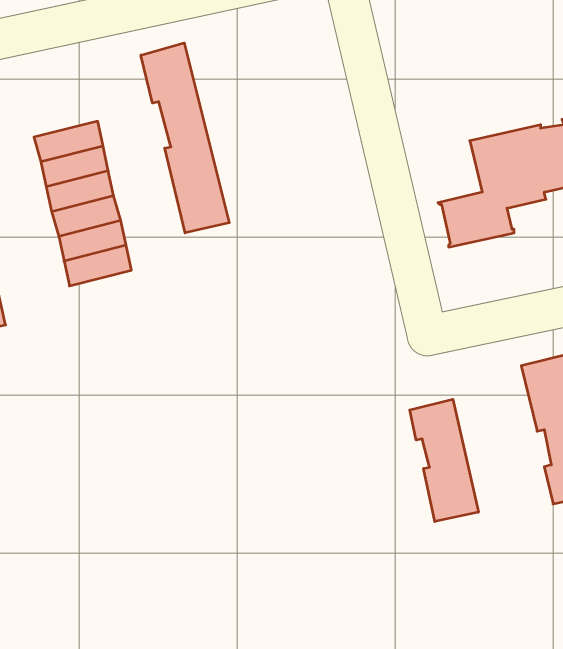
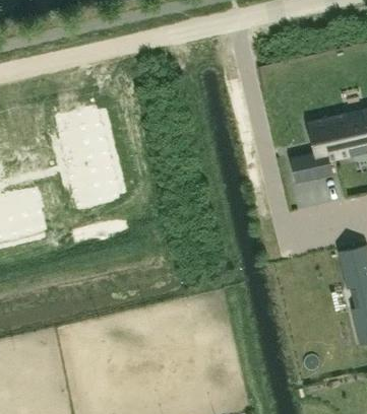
building: [141,43,229,233] -> none
building: [410,399,478,522] -> none

